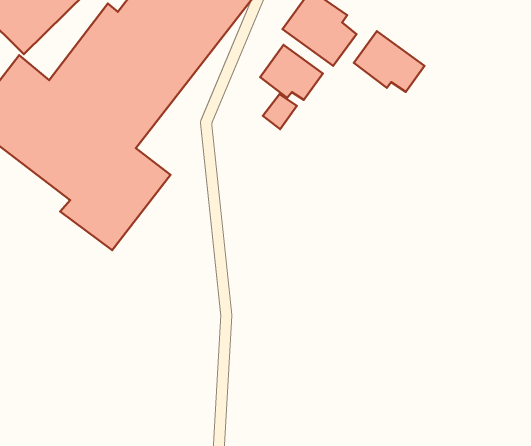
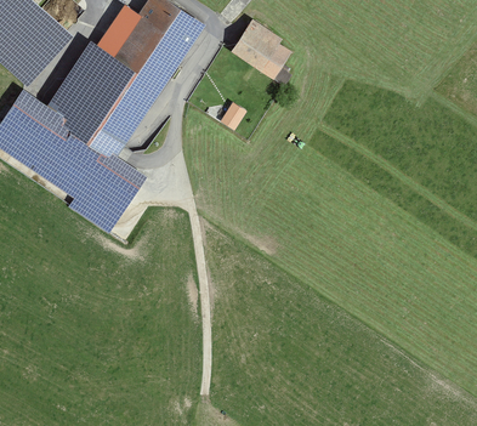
building: [354,31,424,92] -> none
building: [260,45,323,100] -> none

